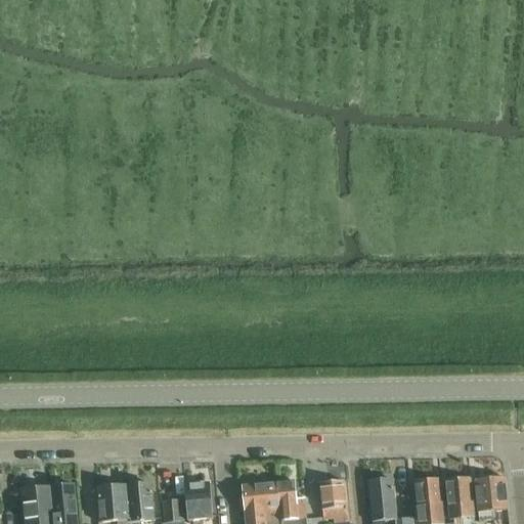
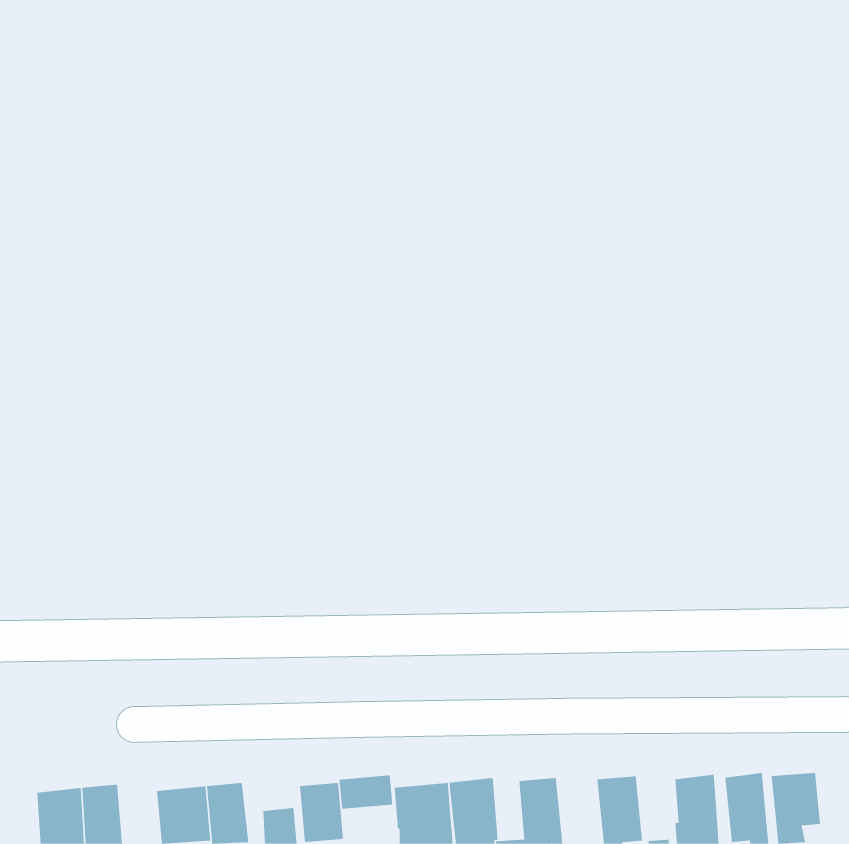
building: none -> [339,774,393,810]

